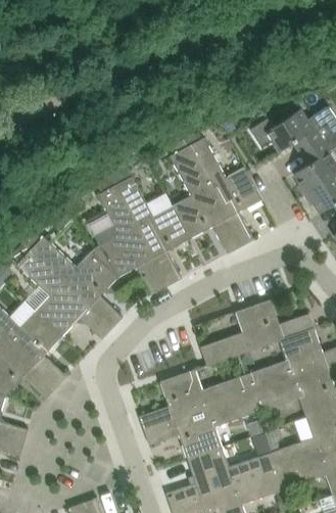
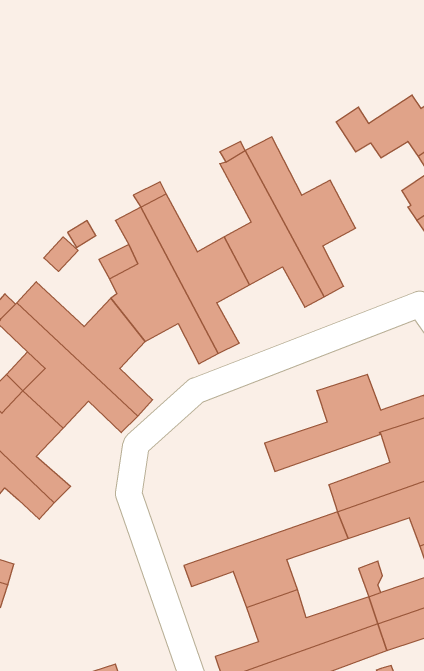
building: [139,370,249,431] -> none

